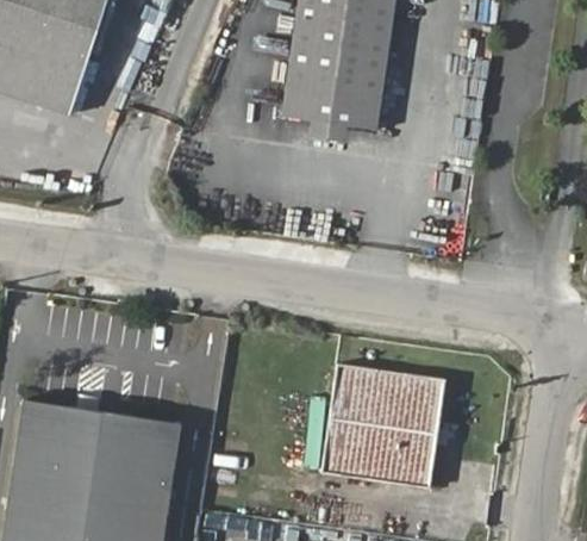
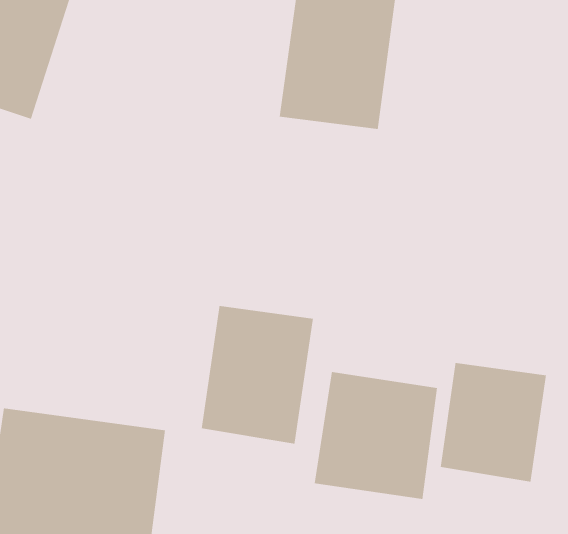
building: none -> [201,305,313,445]
building: none -> [440,362,547,482]

